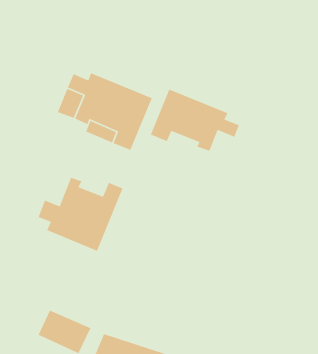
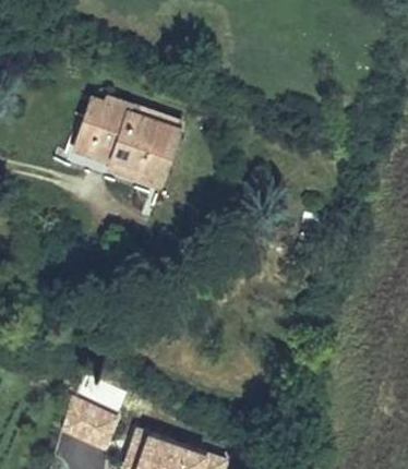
building: [150,88,240,152] -> none
building: [38,177,124,252] -> none

